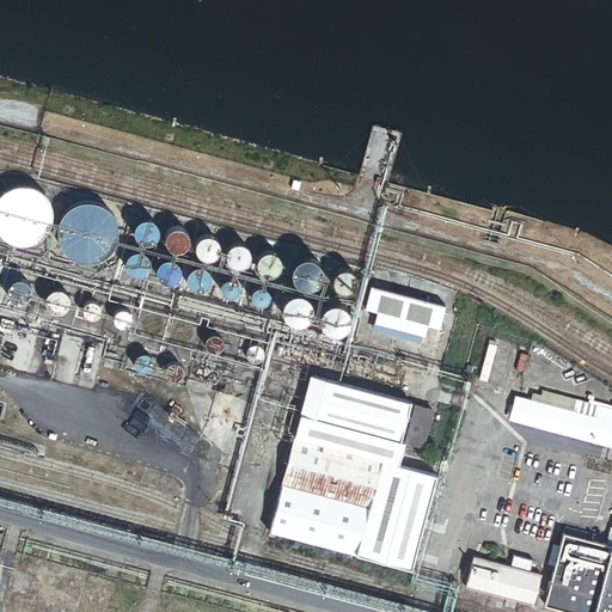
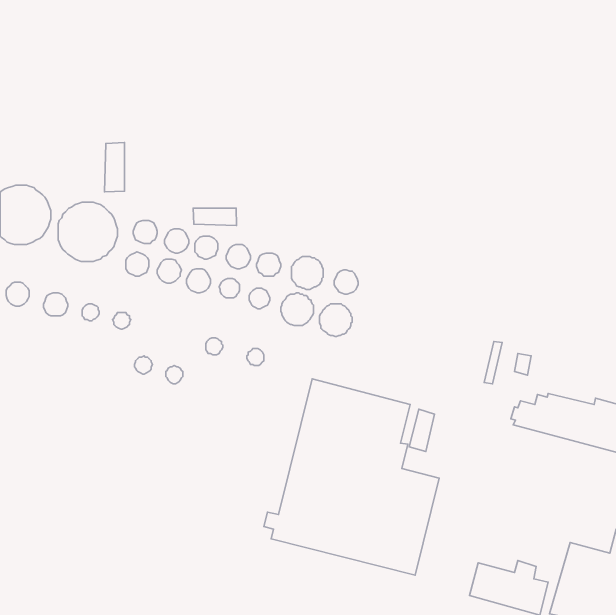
building: none -> [104,143,125,192]
building: none -> [193,208,237,225]
building: [366,290,447,347] -> none

